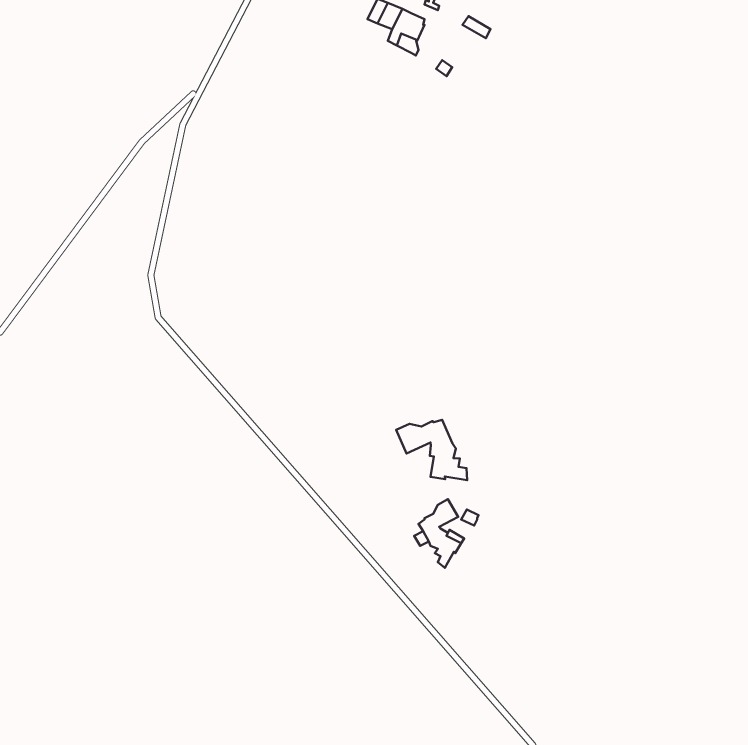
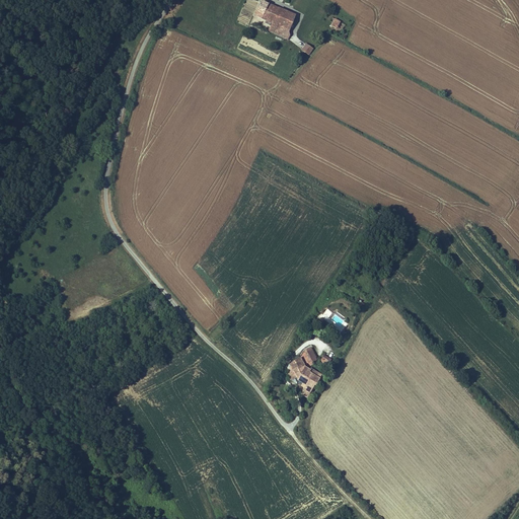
building: [396,420,467,480] -> none

